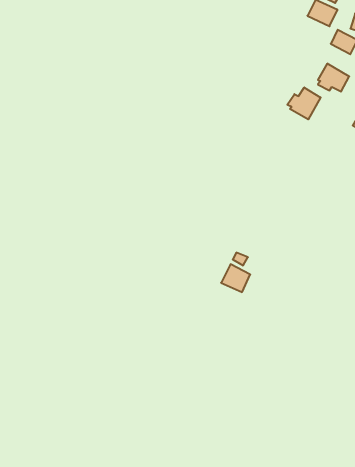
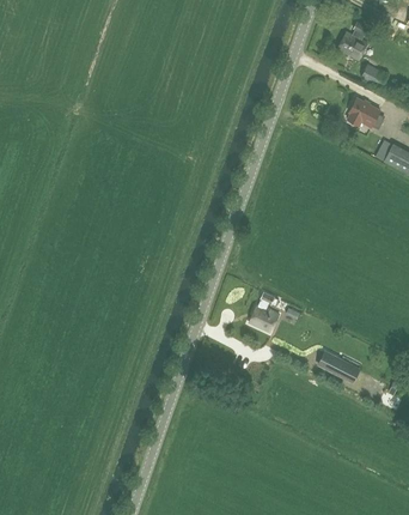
building: [287,87,321,119] -> none
building: none -> [317,349,360,383]

